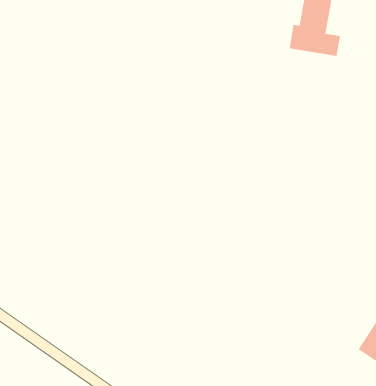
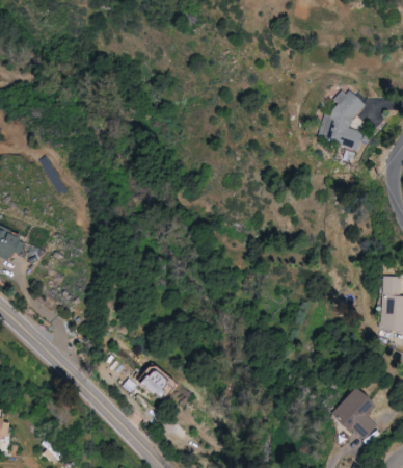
building: none -> [138,369,166,396]

